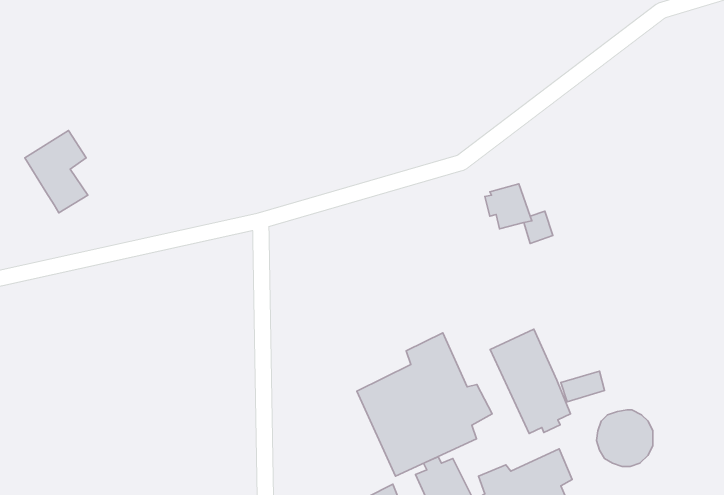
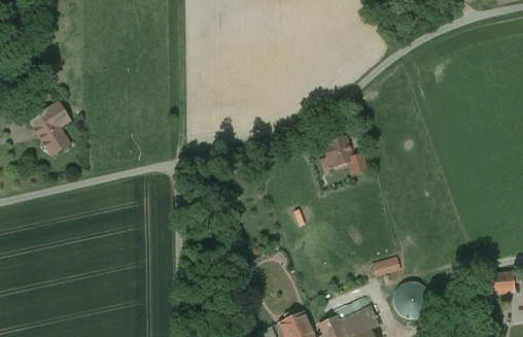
building: [490,329,570,433] -> none
building: [357,333,492,476] -> none

